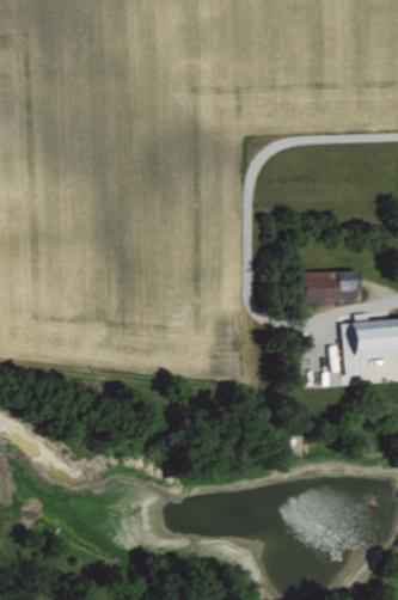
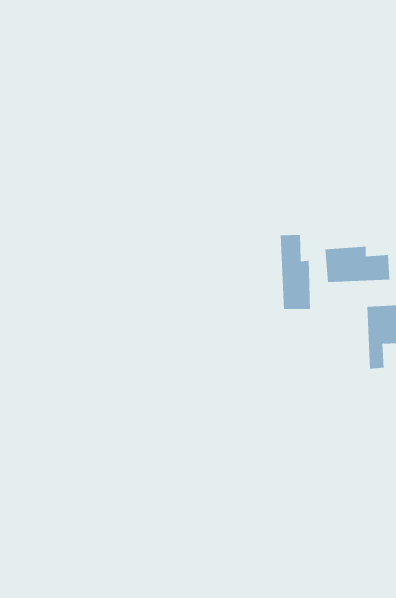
building: none -> [280,234,311,310]

